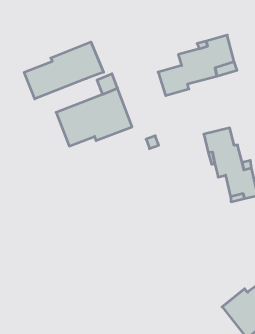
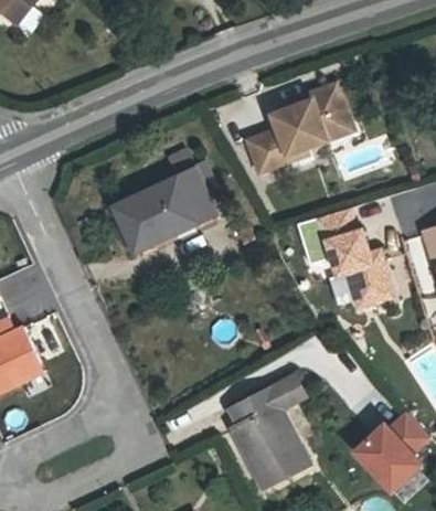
building: [24,42,104,99] -> none
building: none -> [231,376,309,488]

